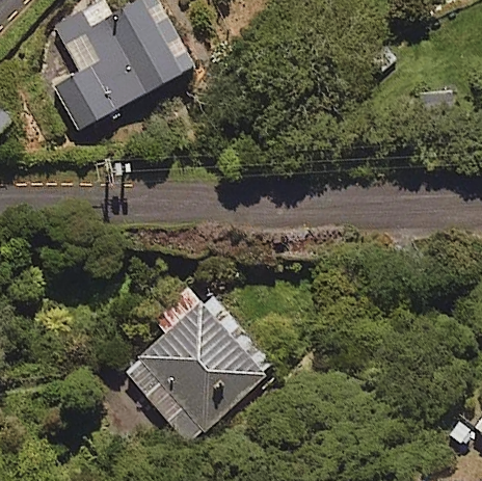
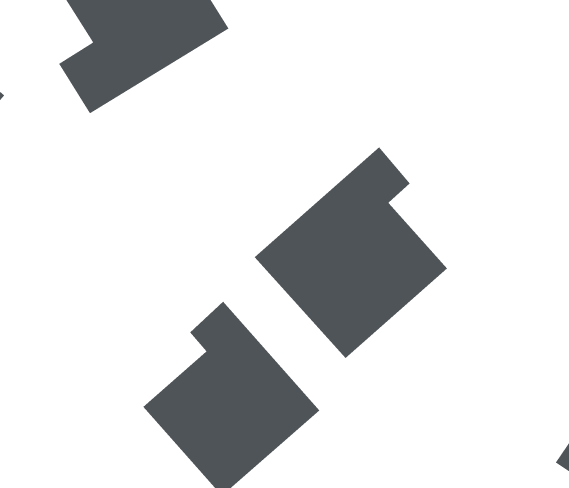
building: none -> [254,146,448,359]

